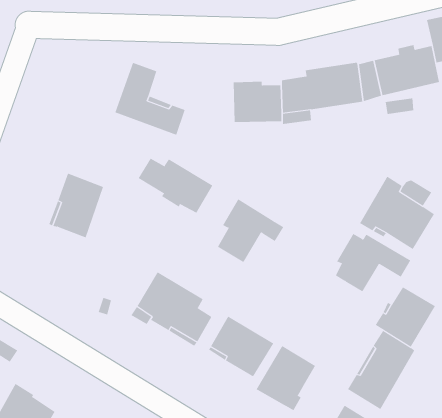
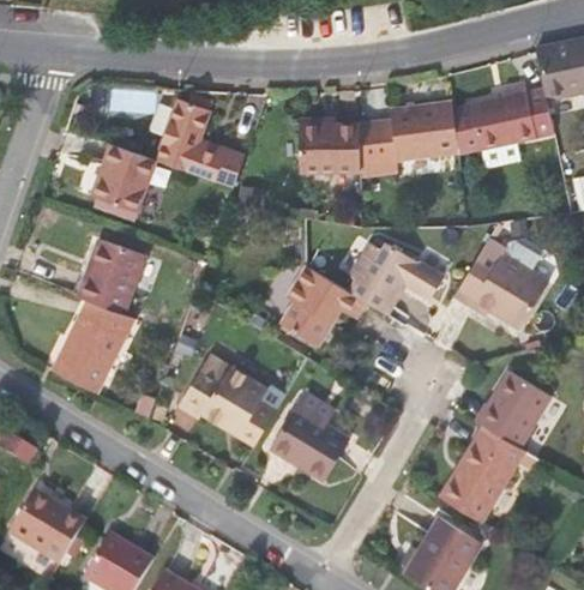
building: none -> [92,145,155,213]
building: [138,158,213,214] -> none
building: none -> [61,301,136,398]
building: [335,233,411,292] -> [351,242,444,314]
building: [256,345,316,411] -> none

